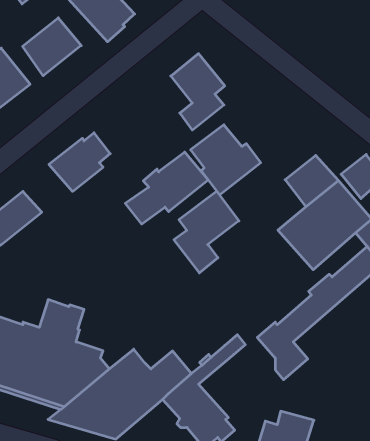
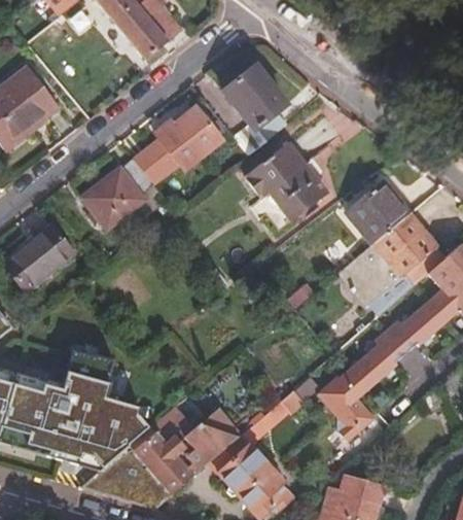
building: [23,18,81,76] -> none
building: [125,152,208,224] -> [132,100,226,182]
building: [174,191,239,273] -> none

